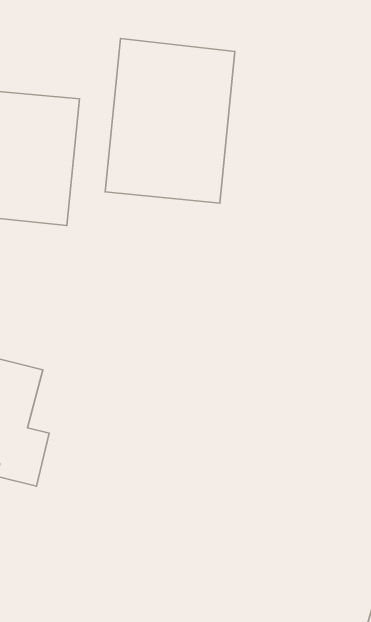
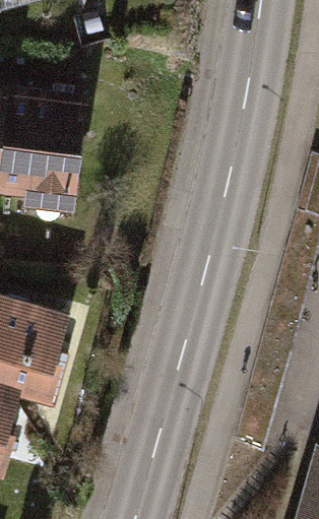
building: [105,39,235,203] -> none

